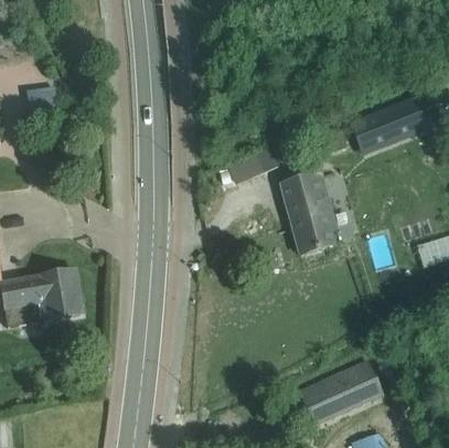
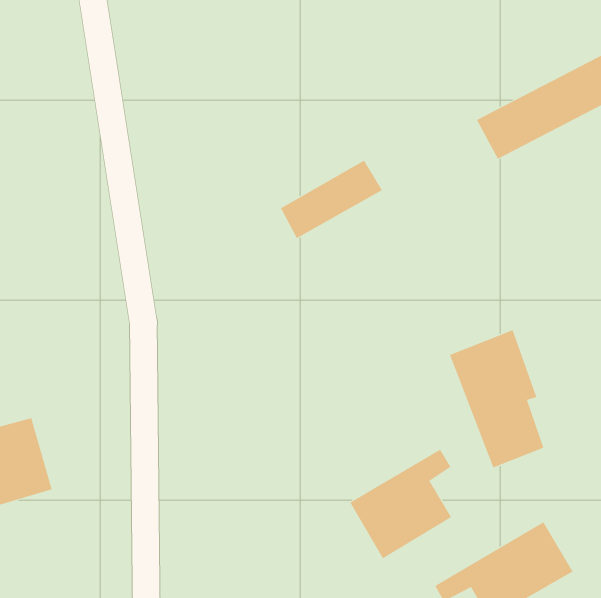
building: [281,174,331,254] -> [449,329,544,468]
building: none -> [350,449,452,559]

